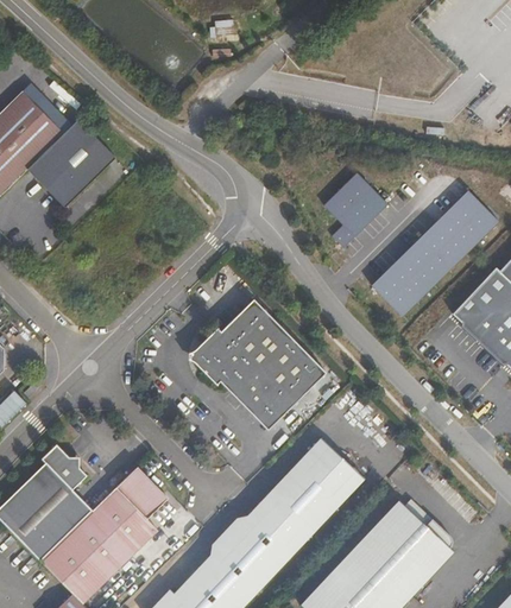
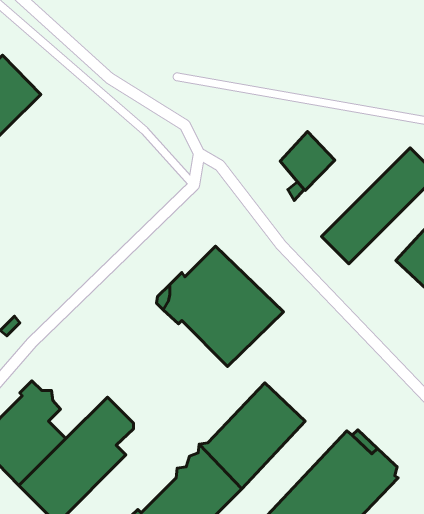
building: [27,121,118,211] -> none
building: [308,436,364,490] -> none

